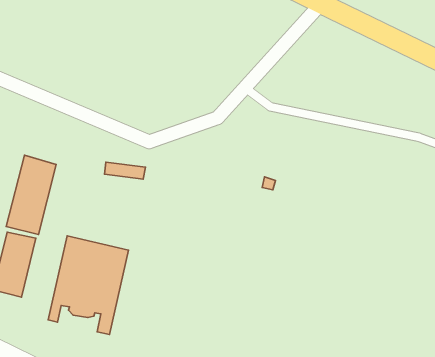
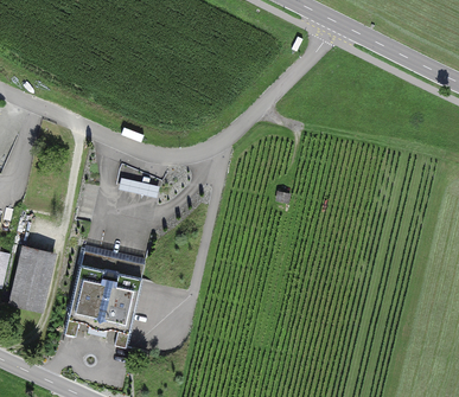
building: [6,155,56,234] -> none

